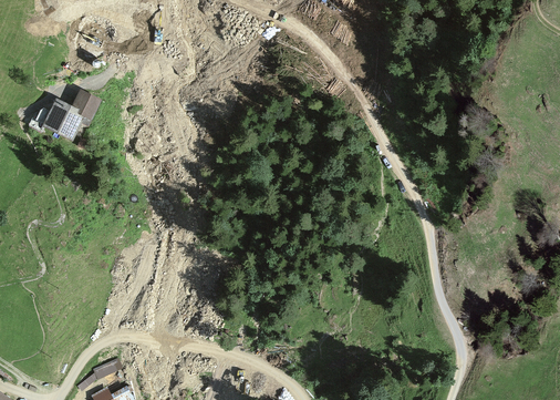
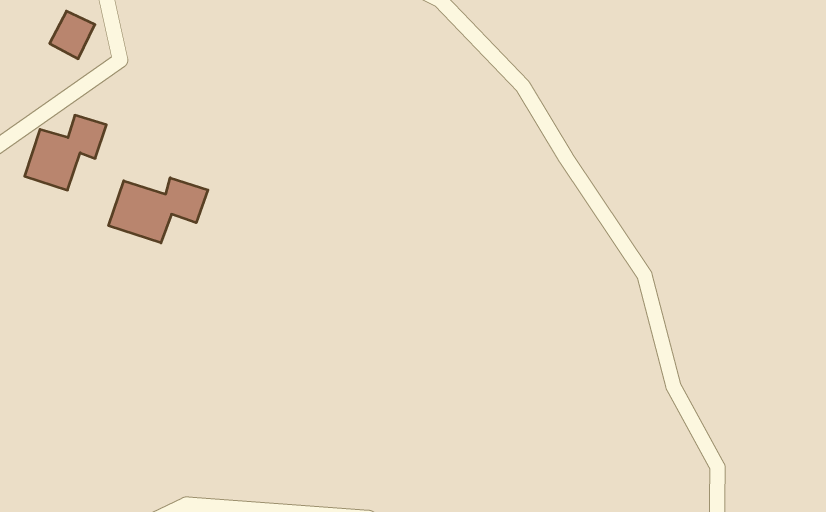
building: none -> [109,178,208,243]

